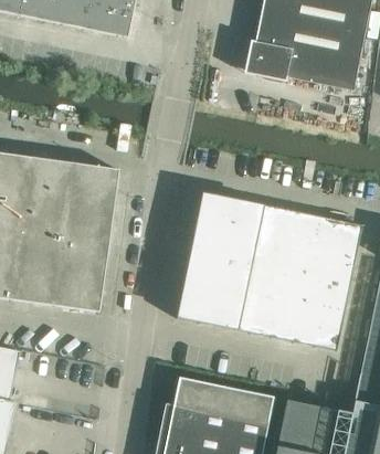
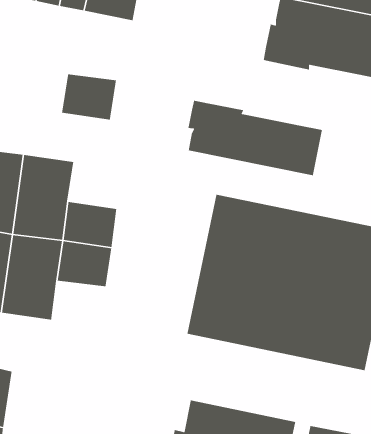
building: none -> [188,100,323,176]
building: [70,163,119,205] -> [61,74,117,120]
building: [55,271,104,313] -> none

